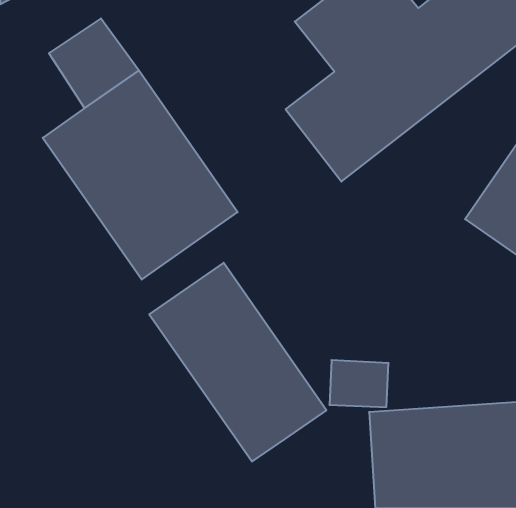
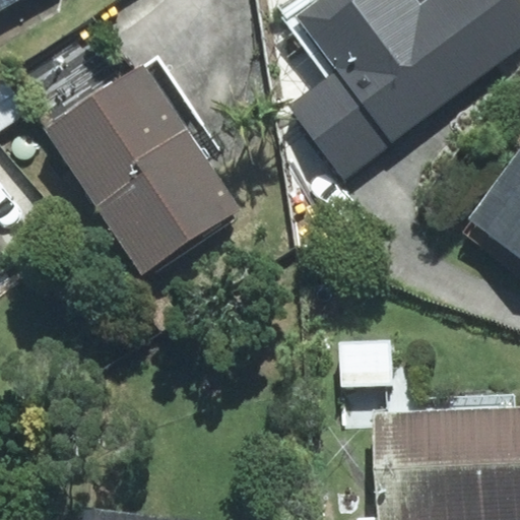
building: [149,263,326,462] -> none

